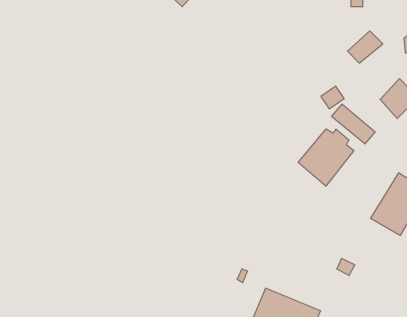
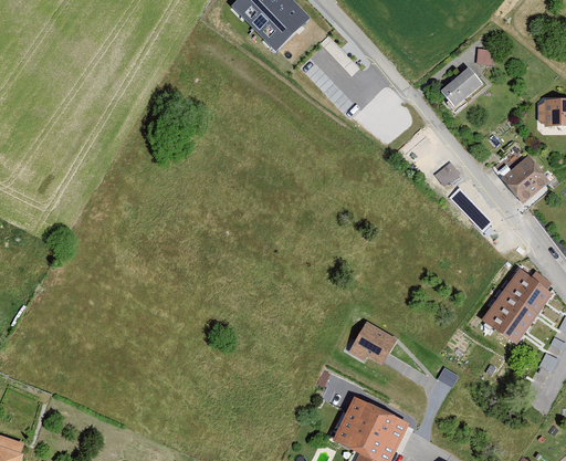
building: [347,31,383,63] -> [440,69,483,106]
building: [298,129,354,186] -> none
building: none -> [347,319,397,364]

